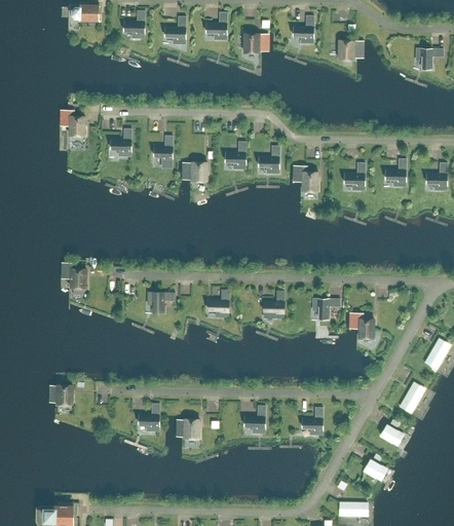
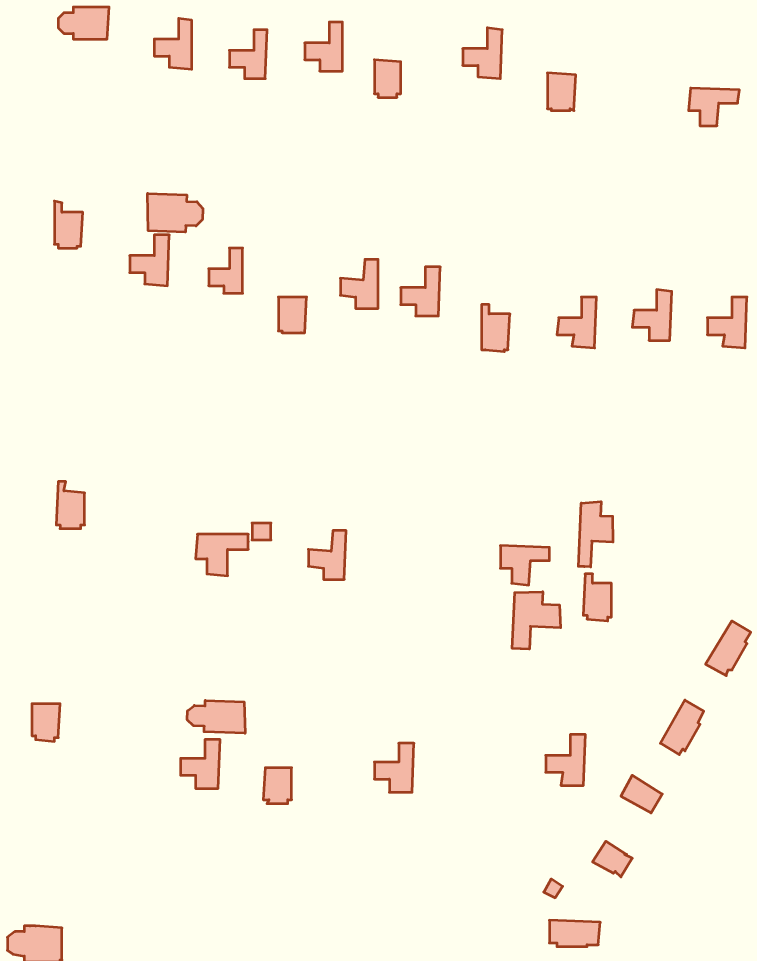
building: none -> [148,193,203,232]
building: none -> [578,502,613,567]
building: [262,290,283,318] -> none
building: none -> [512,592,561,649]
building: none -> [187,700,245,733]
building: [301,407,323,435] -> [546,735,585,785]

